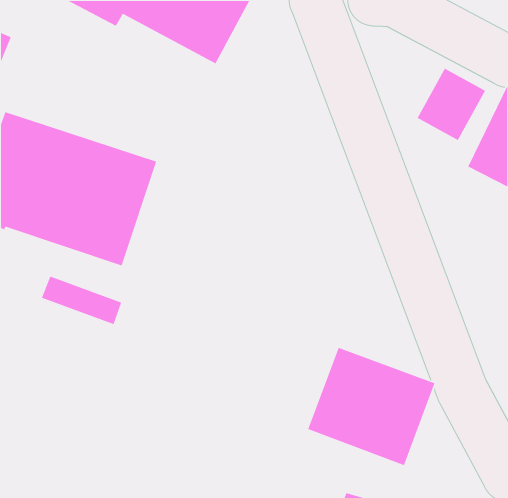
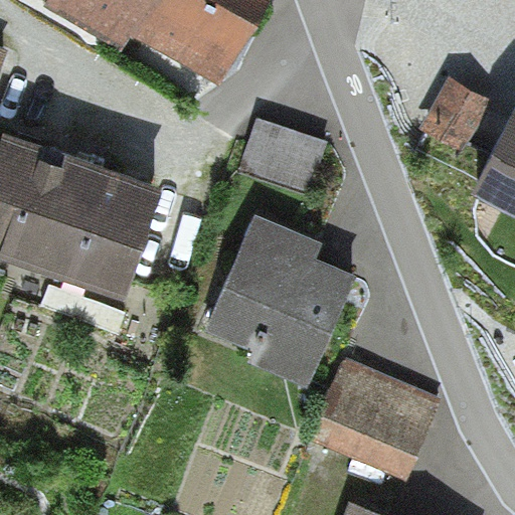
building: none -> [238,120,329,196]
building: none -> [212,218,355,389]

